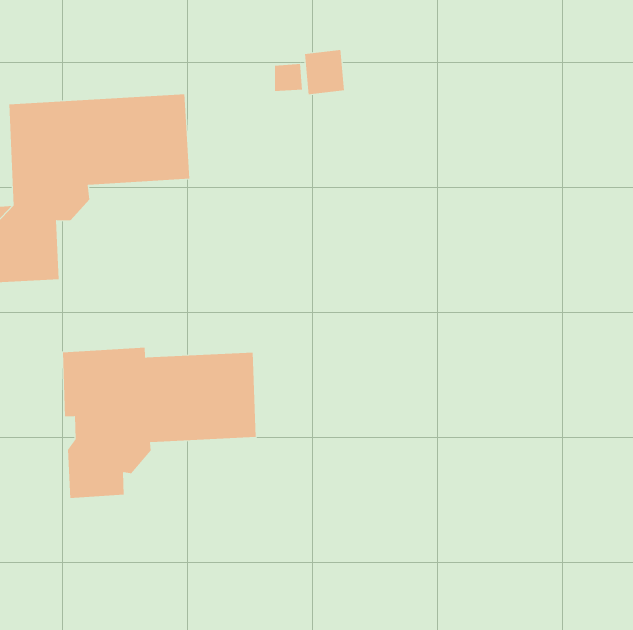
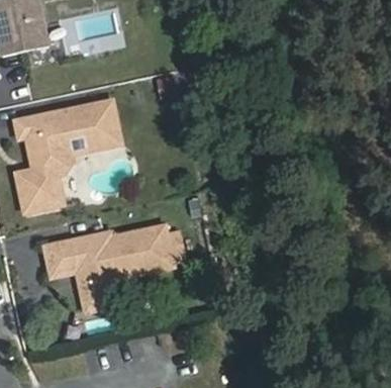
building: none -> [41,239,74,277]

